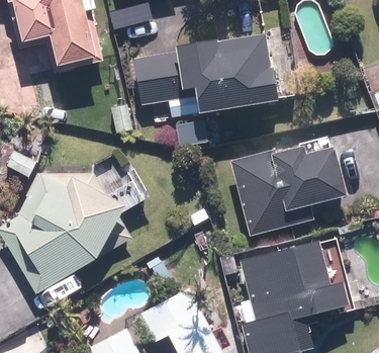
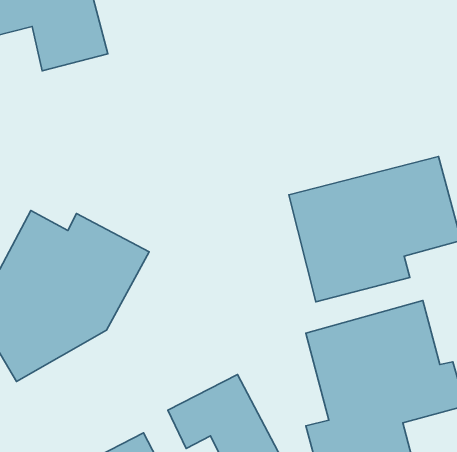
building: [135,31,281,111] -> none

